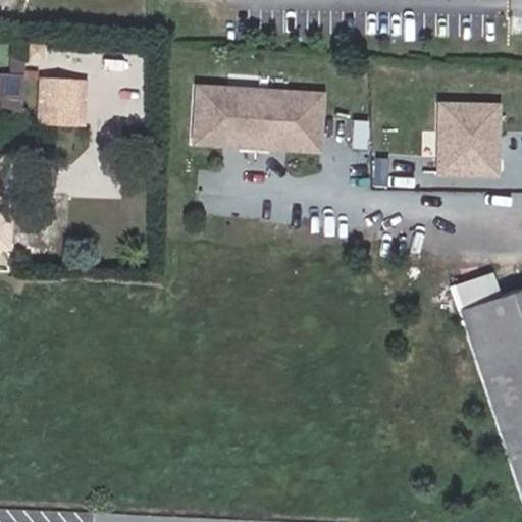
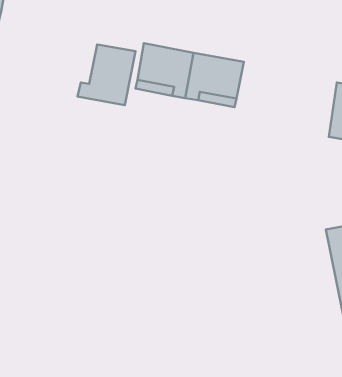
building: [42,77,84,126] -> none
building: none -> [77,45,135,105]

